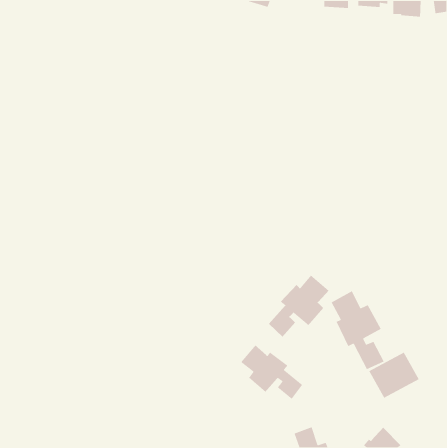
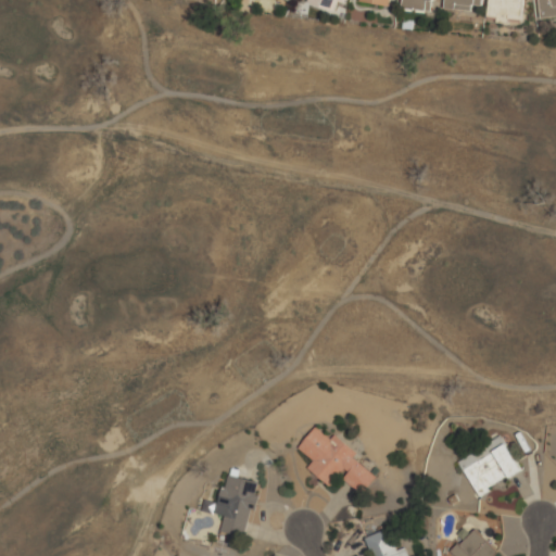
building: [268,275,329,338] -> none
building: [330,290,385,370] -> none
building: none -> [215,473,258,538]

